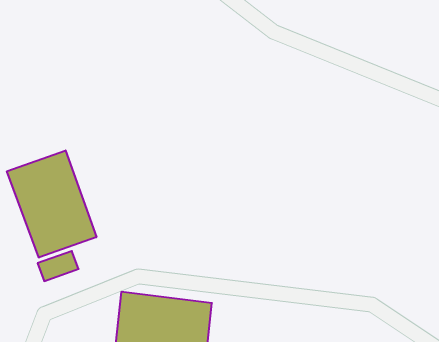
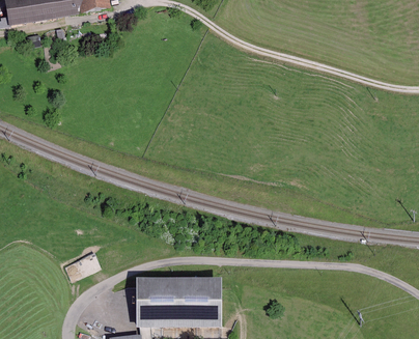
building: [7,150,96,258] -> none

